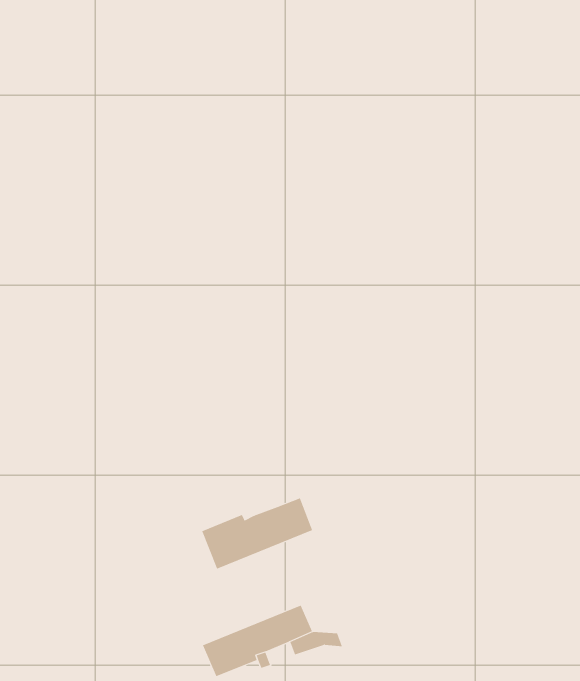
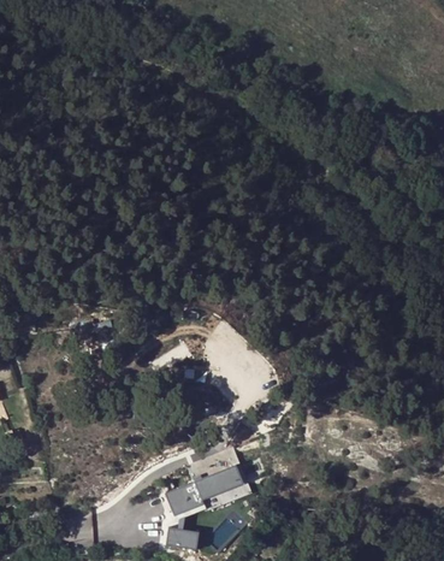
building: [202,498,313,570] -> none

